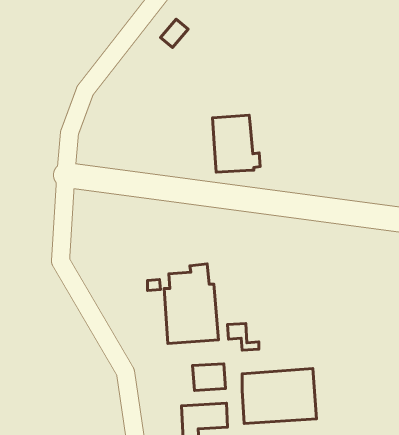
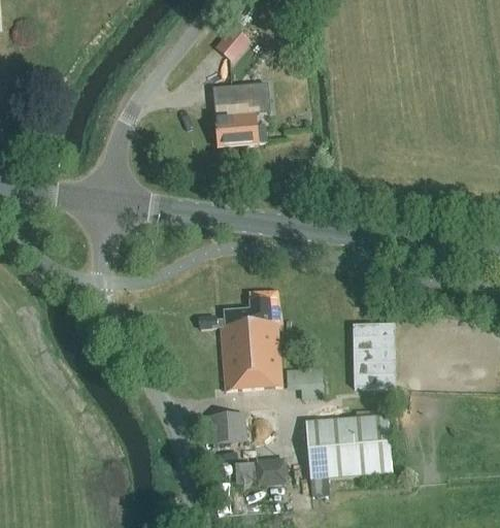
building: [212,115,260,172] -> [212,82,266,146]
building: none -> [357,320,402,386]
building: [193,364,226,390] -> [207,412,244,442]

